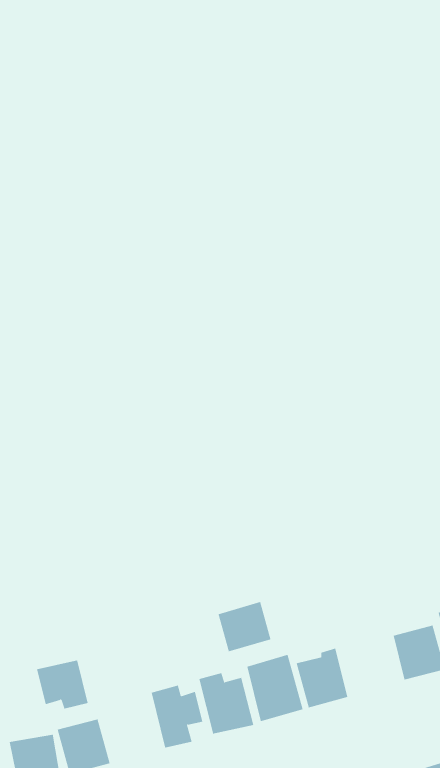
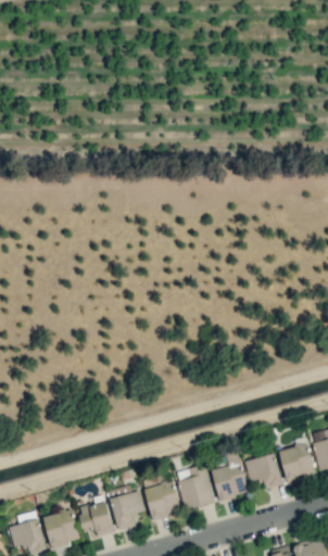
building: [218,601,271,652] -> none
building: none -> [244,453,283,490]
building: [36,660,89,709] -> [77,502,114,536]

